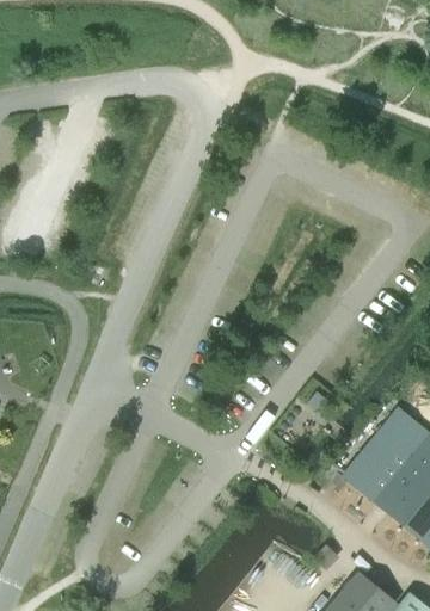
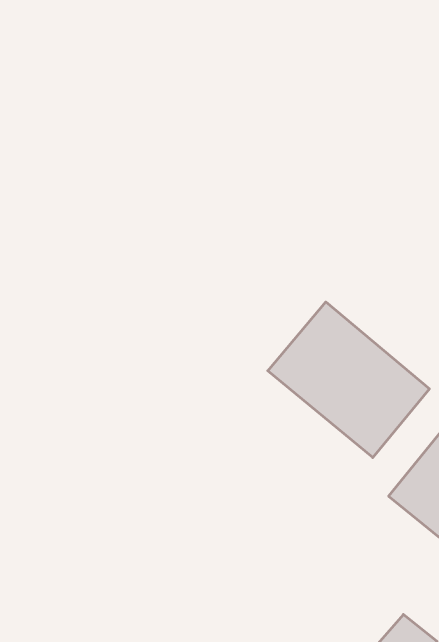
building: none -> [268,302,429,458]

